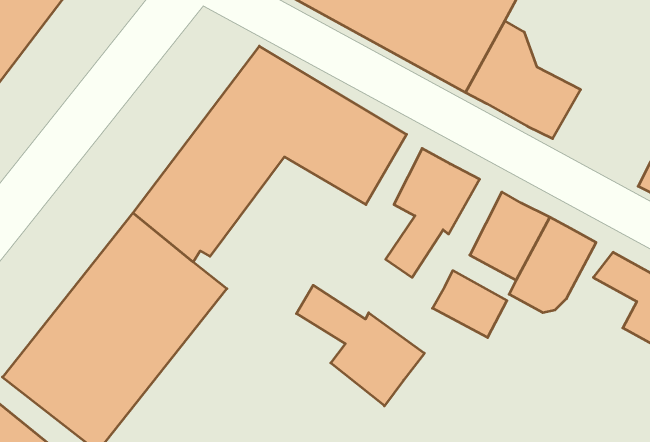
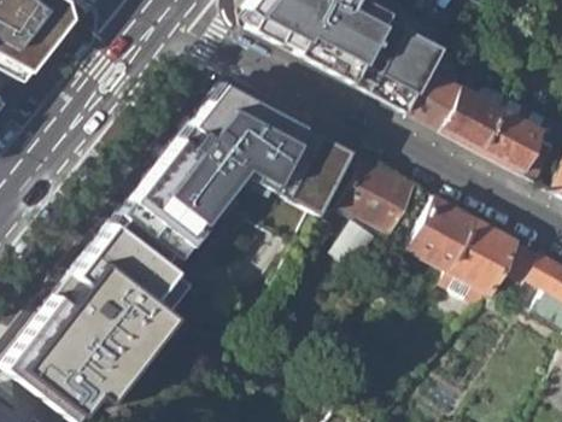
building: none -> [478,106,556,184]
building: [432,271,507,338] -> none
building: [296,285,424,406] -> none

